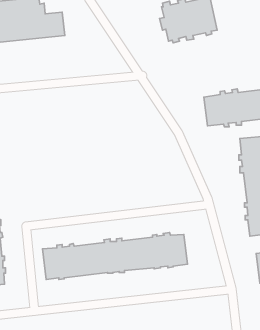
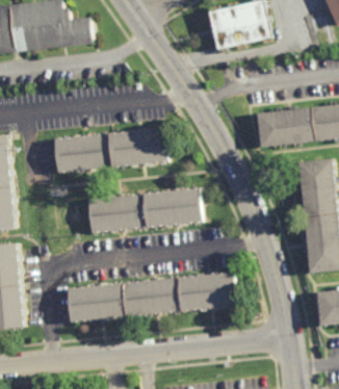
building: none -> [55,128,166,174]
building: none -> [87,187,202,234]

